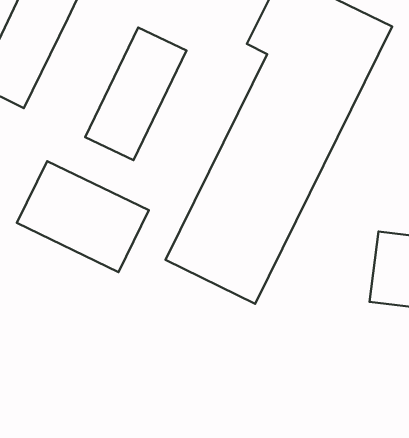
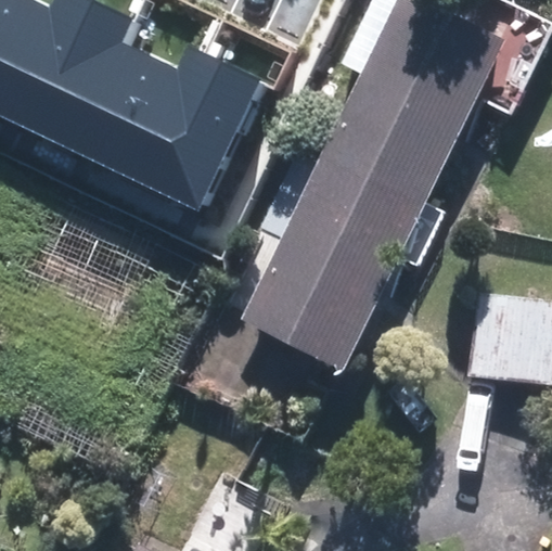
building: none -> [68,40,204,181]
building: [17,161,149,272] -> none

